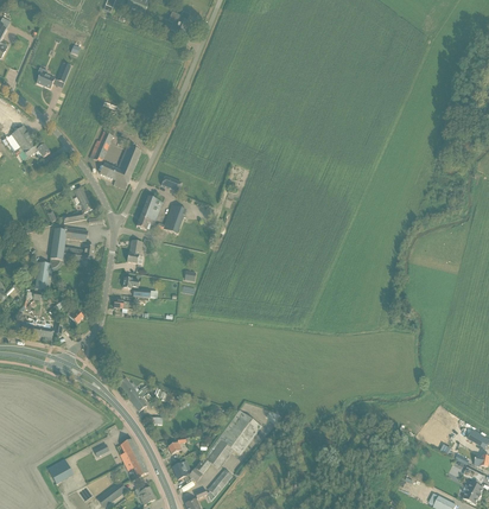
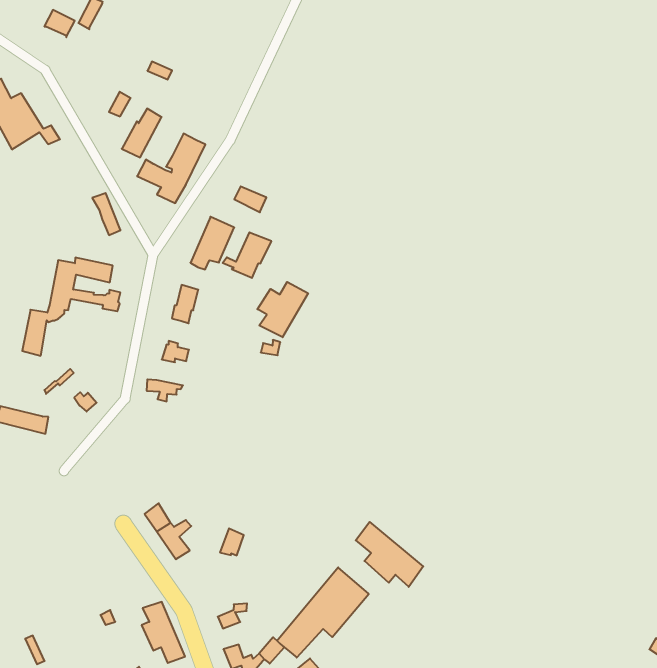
building: none -> [257,282,308,337]
building: none -> [356,522,423,587]

